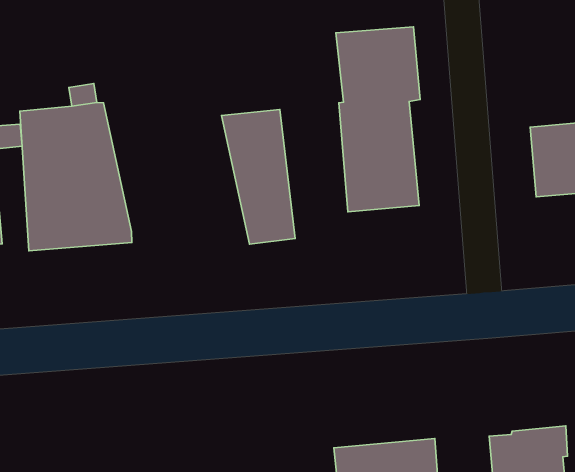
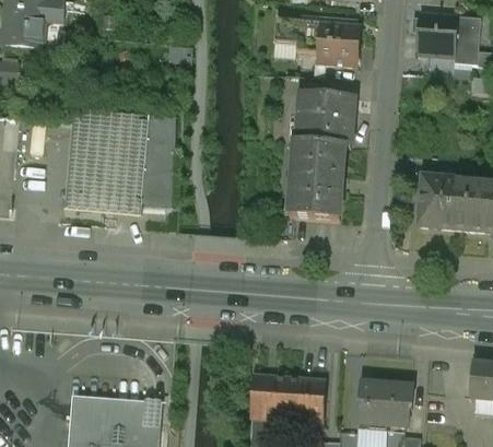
building: [221,110,295,244] -> [134,115,175,207]

